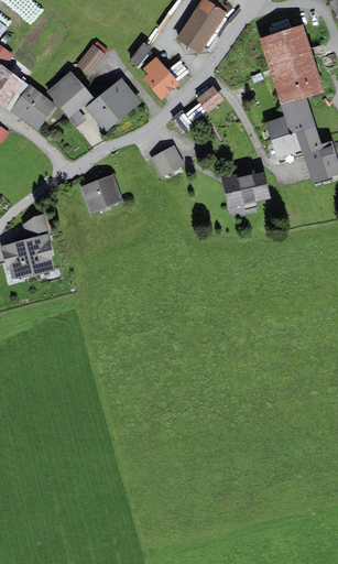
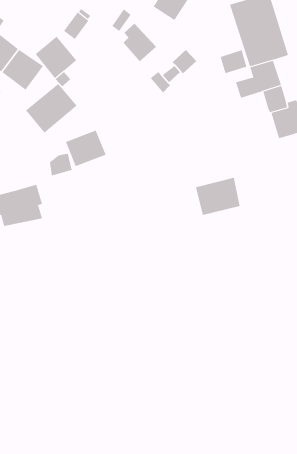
building: [85,77,142,132] -> [25,83,78,134]
building: [271,131,301,158] -> [220,50,247,74]
building: [150,143,185,177] -> none
building: [221,166,271,208] -> [195,177,241,215]
building: [23,214,48,239] -> [49,153,72,176]

